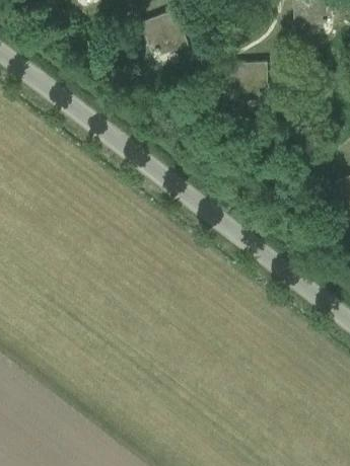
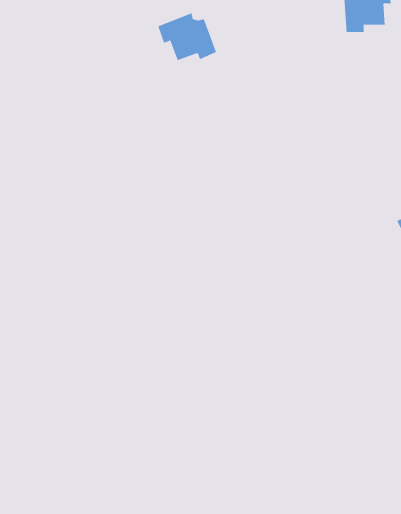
building: [229,62,268,101] -> none

